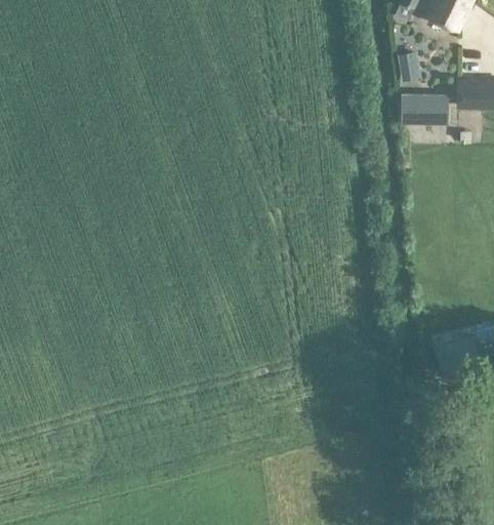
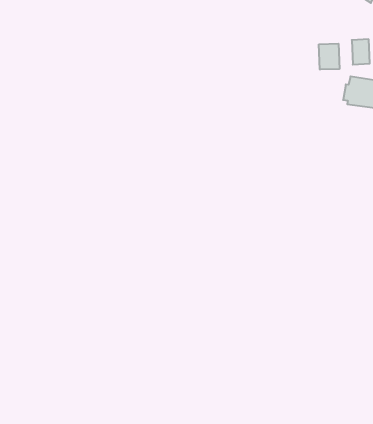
building: none -> [319,44,339,70]

